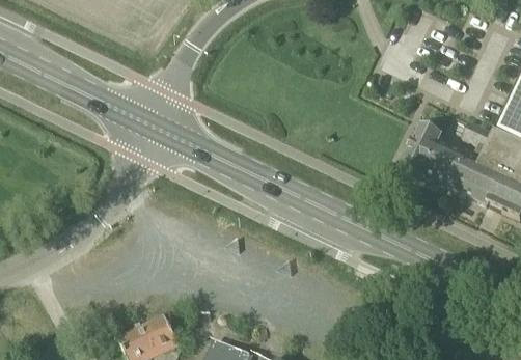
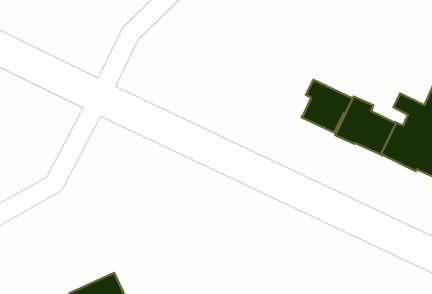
building: none -> [302,80,353,133]

